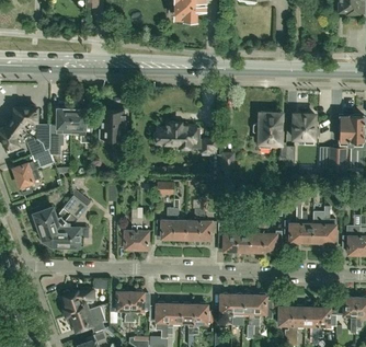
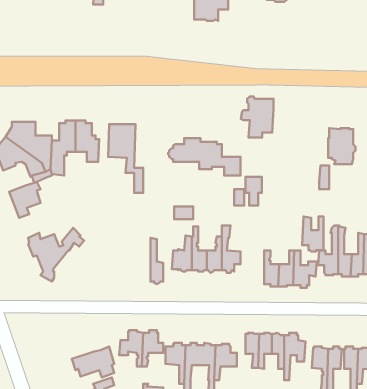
building: [252,112,281,148] -> [241,96,273,138]
building: [52,190,91,248] -> none
building: [118,210,137,250] -> none
building: [218,221,237,252] -> [302,217,324,251]
building: [62,291,93,317] -> none

